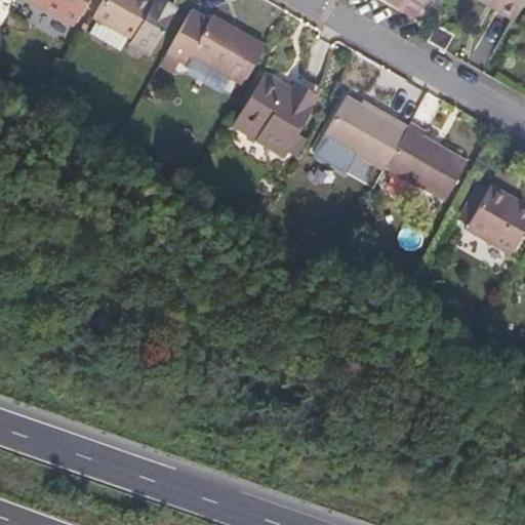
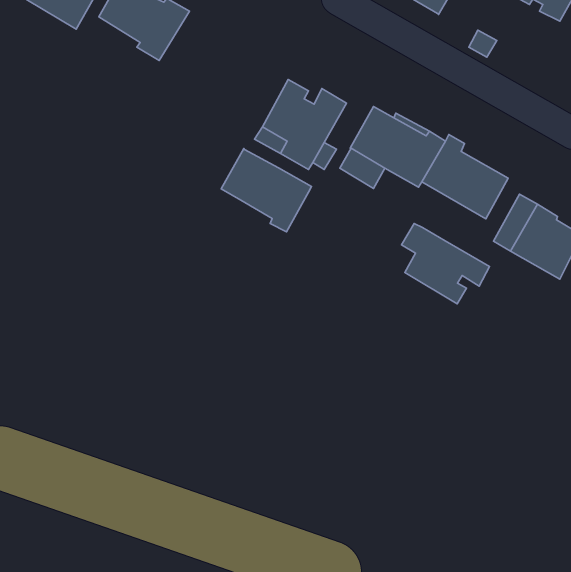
building: [165,6,269,85] -> none
building: none -> [221,149,311,232]
building: none -> [402,223,490,304]

